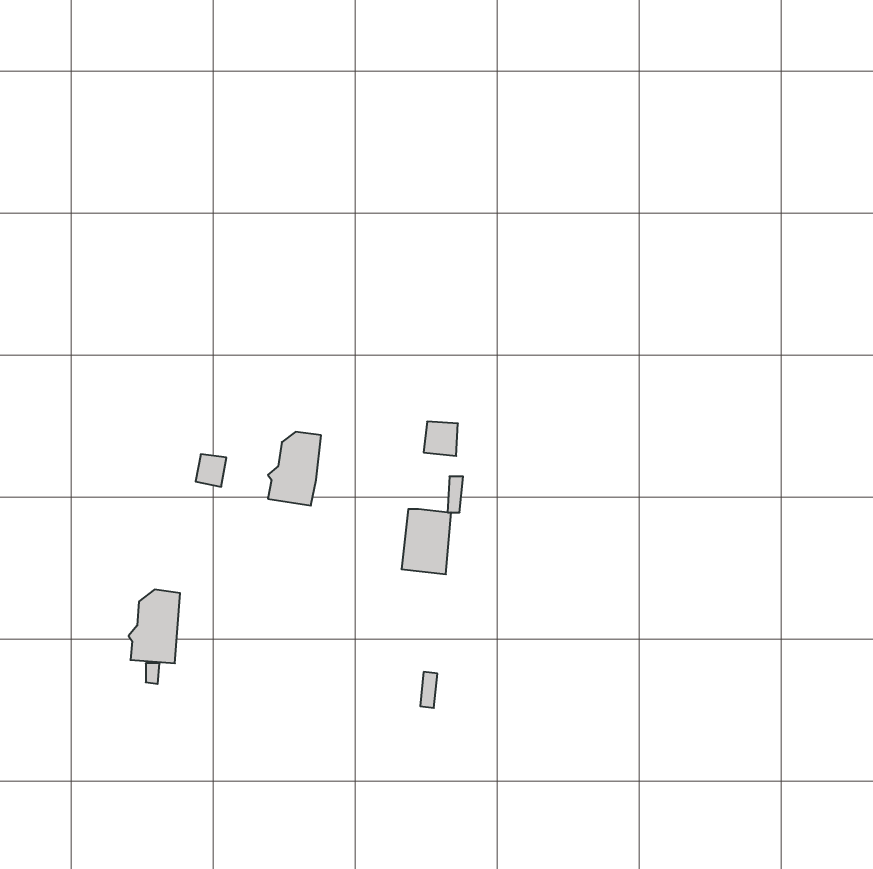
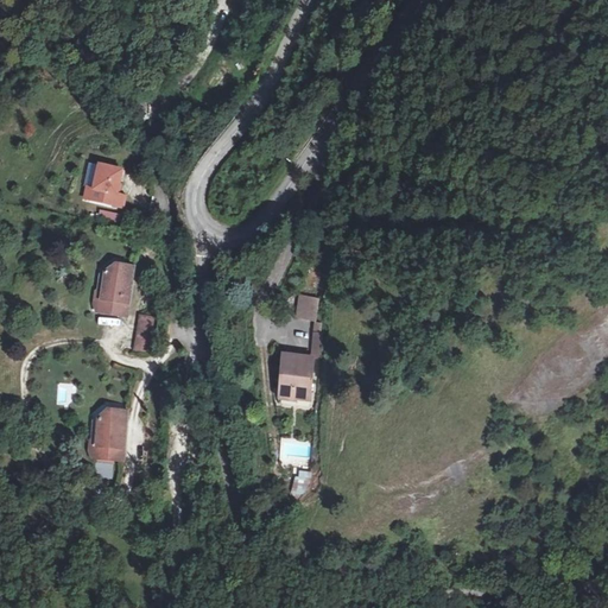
building: none -> [82,165,122,205]
building: [268,432,321,506] -> [94,264,131,315]

